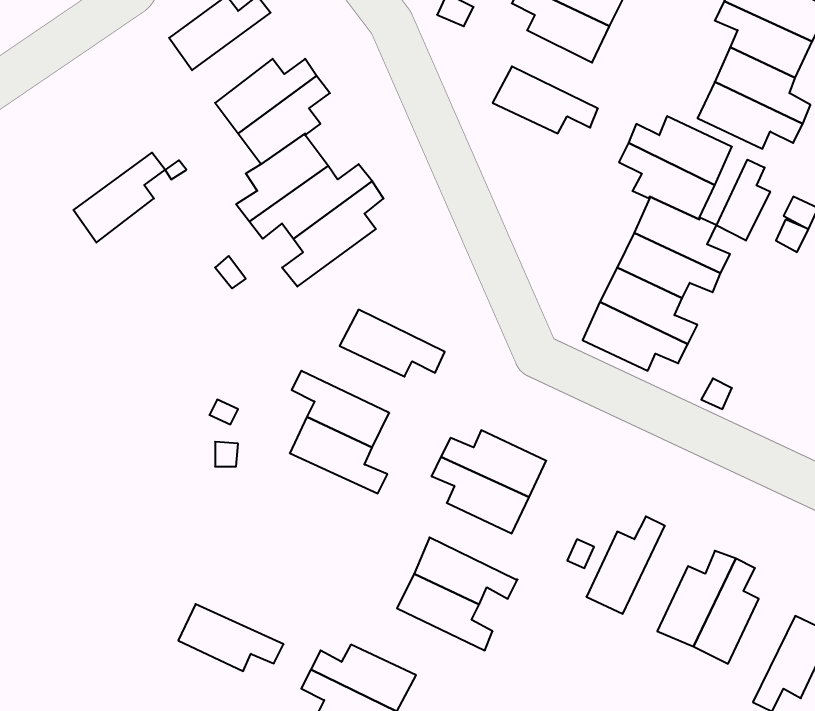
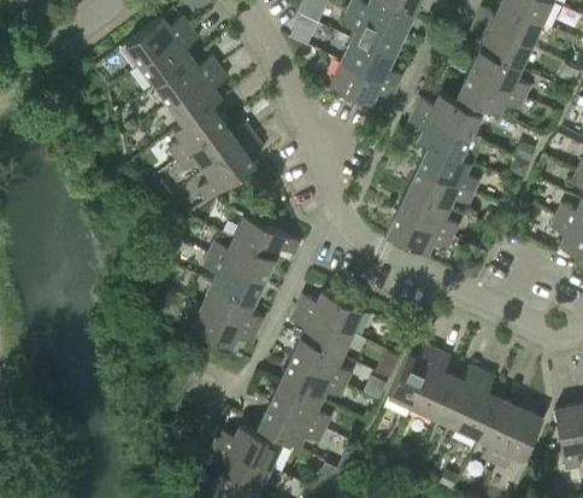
building: none -> [342,40,402,89]
building: [73,153,165,243] -> [141,29,199,86]
building: [716,160,770,241] -> none
building: none -> [210,239,275,281]
building: none -> [290,338,352,386]
building: none -> [412,352,453,418]
building: none -> [478,398,520,463]
building: [178,604,284,671] -> [192,306,258,348]
building: none -> [259,404,325,446]

